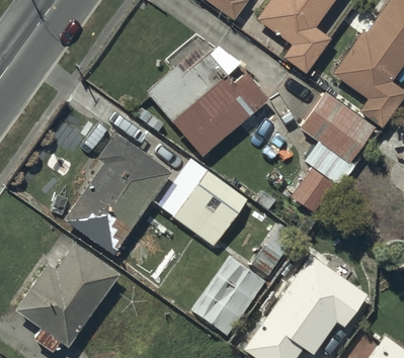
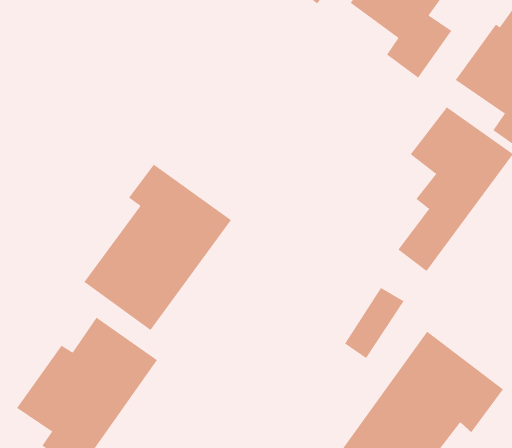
building: [147,48,267,157] -> none
building: [163,162,247,244] -> none
building: [193,256,264,334] -> none

